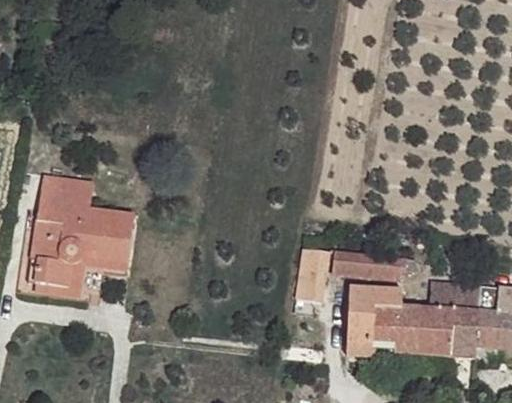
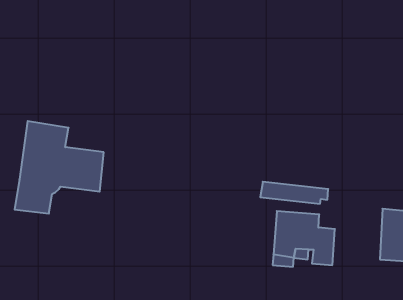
building: [298,250,328,305] -> none
building: [417,279,478,357] -> none

